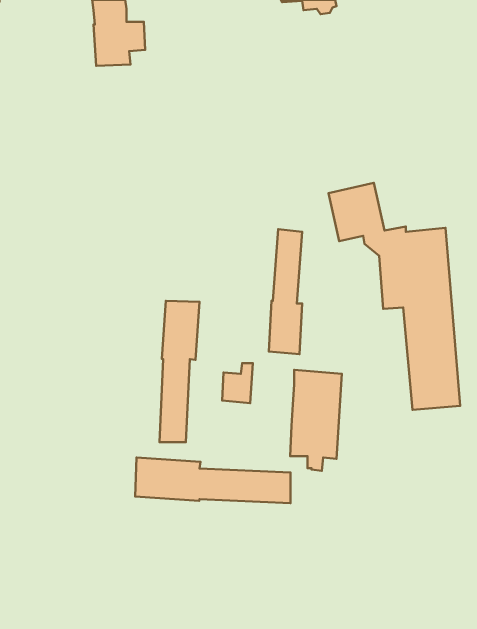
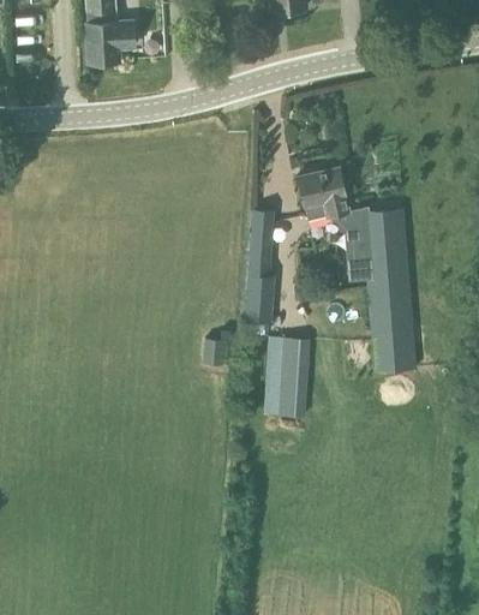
building: [159,301,199,442] -> none
building: [135,458,291,503] -> none

